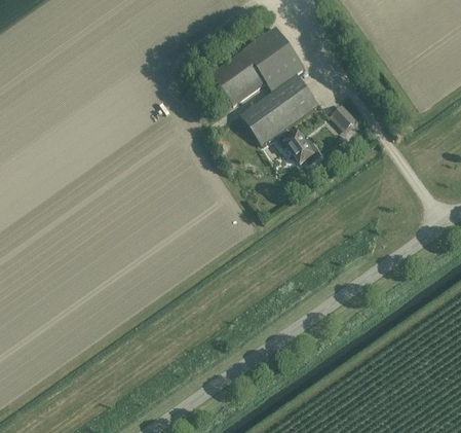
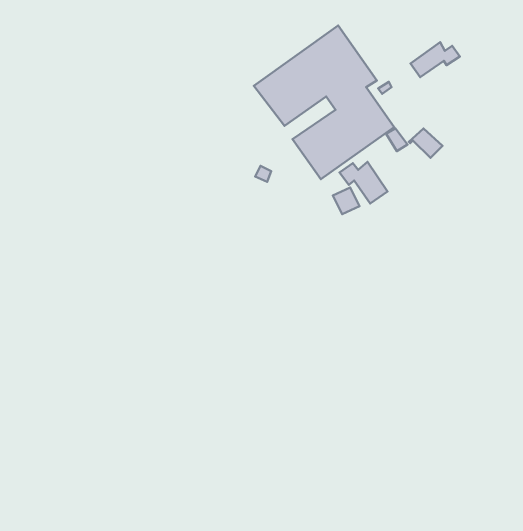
building: none -> [410,42,460,77]

